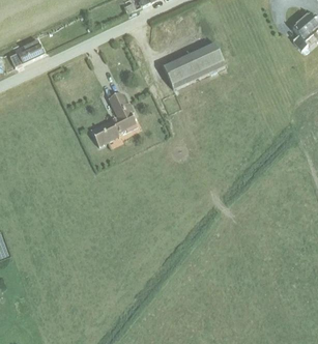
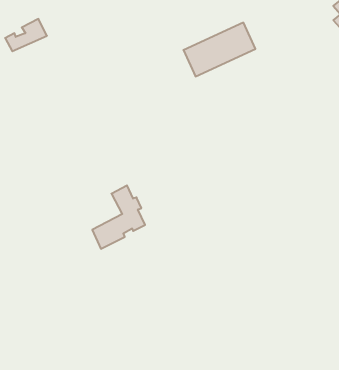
building: [90,91,136,146] -> [92,185,145,249]

